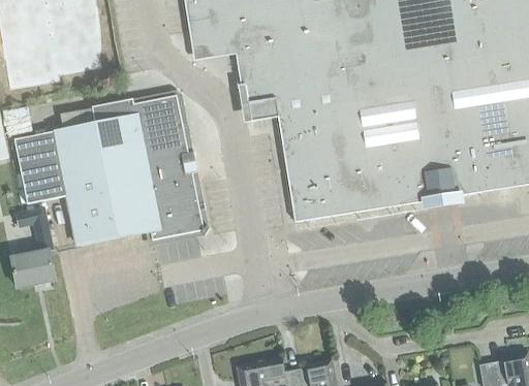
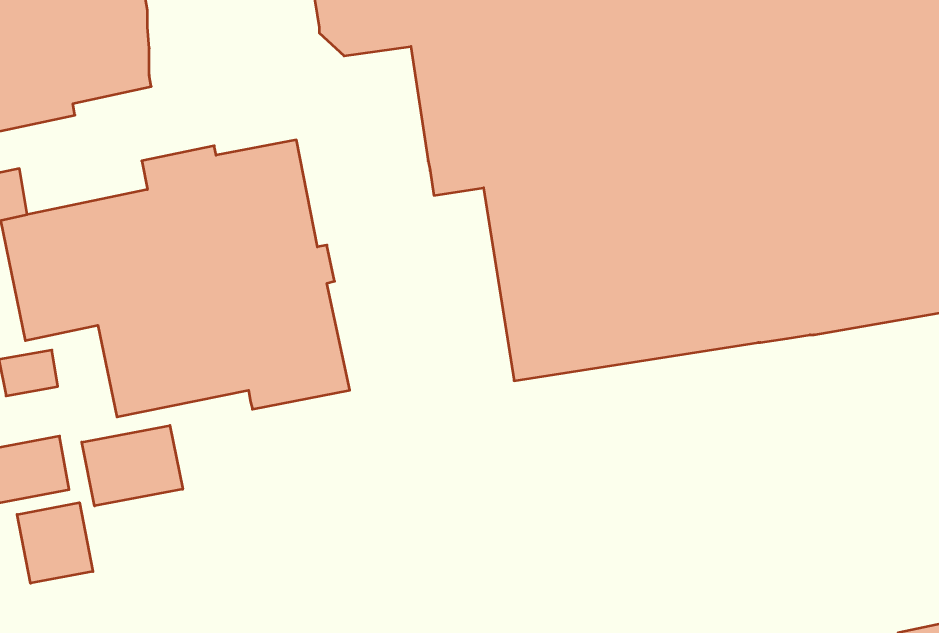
building: none -> [82,425,183,506]
building: none -> [17,503,93,583]

